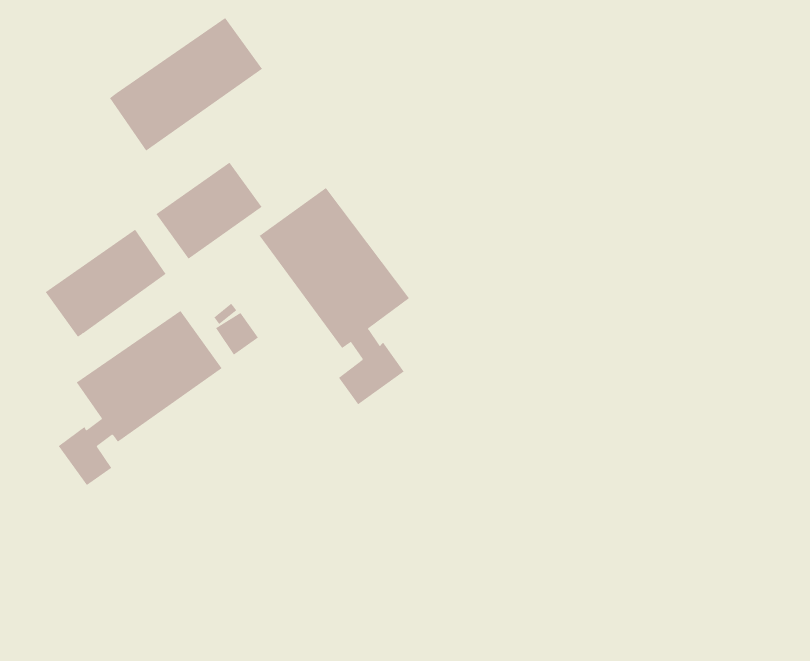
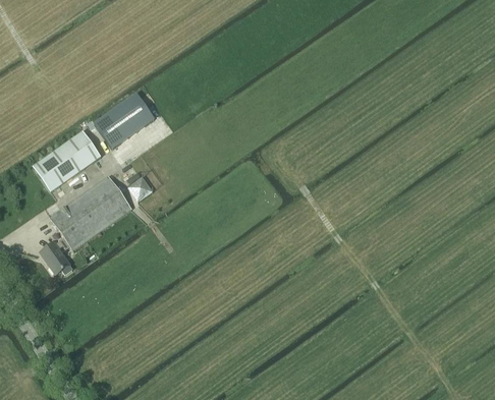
building: [109,17,263,152] -> none
building: [259,187,410,405] -> none

